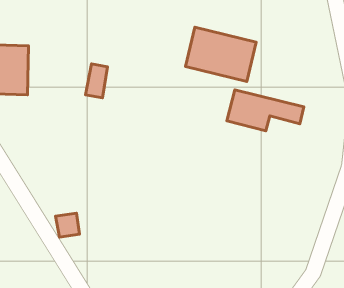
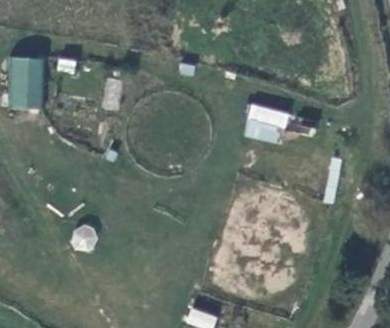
building: [186,27,256,81] -> none

